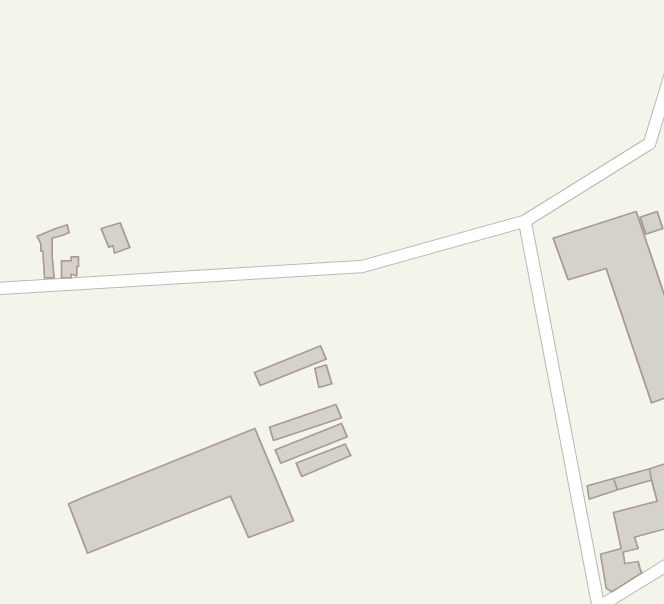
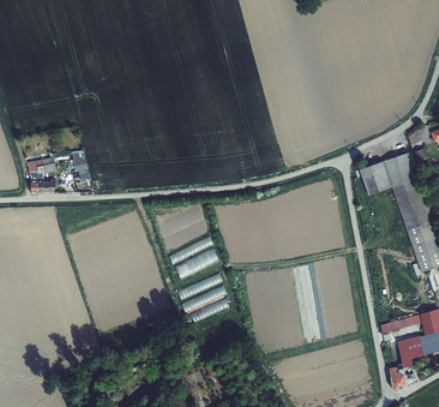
building: [68,429,294,553] -> none

